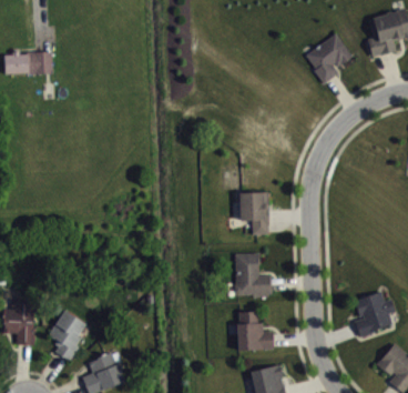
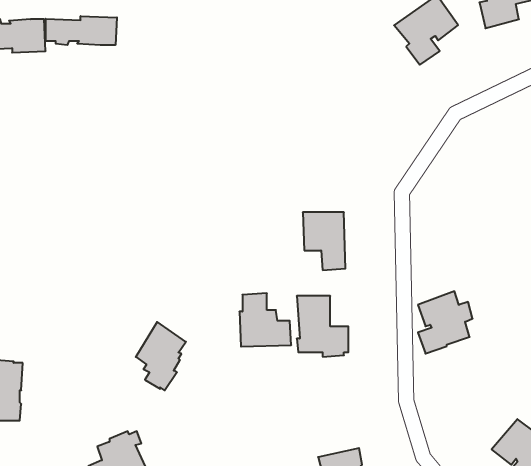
building: none -> [46,16,117,45]
building: [354,291,394,336] -> [418,291,473,354]
building: [49,310,85,360] -> [136,322,186,390]
building: [236,311,274,350] -> [239,293,291,347]

